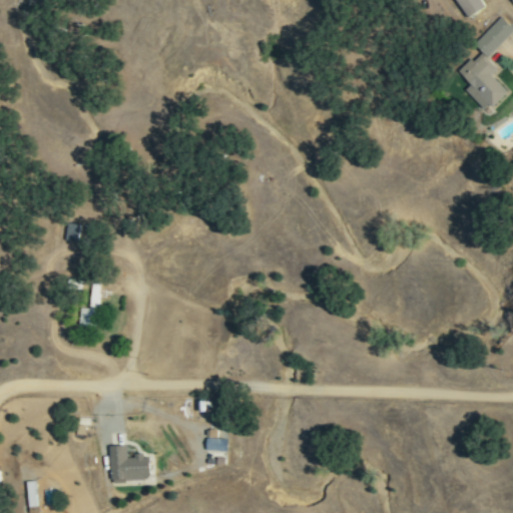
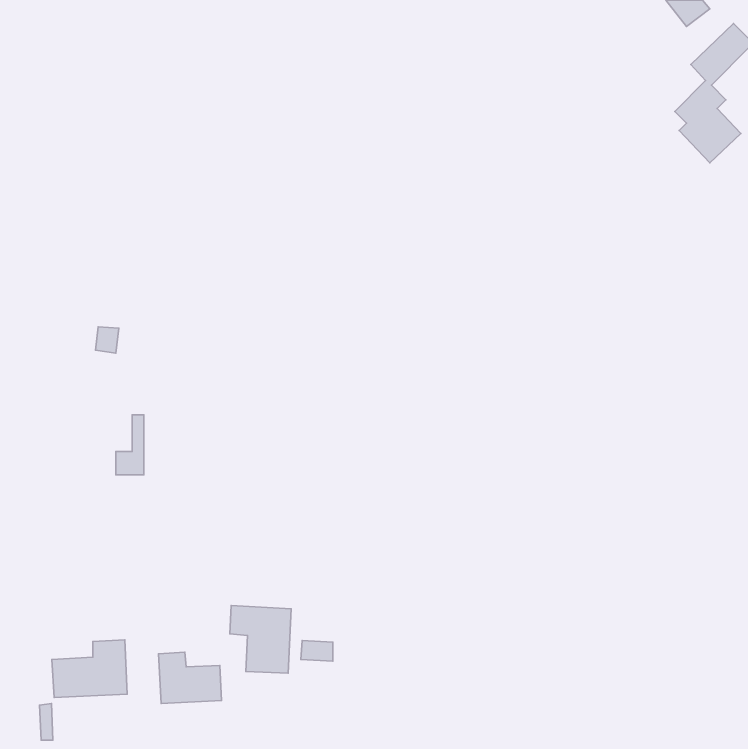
building: none -> [230,606,291,673]
building: none -> [52,640,127,698]

